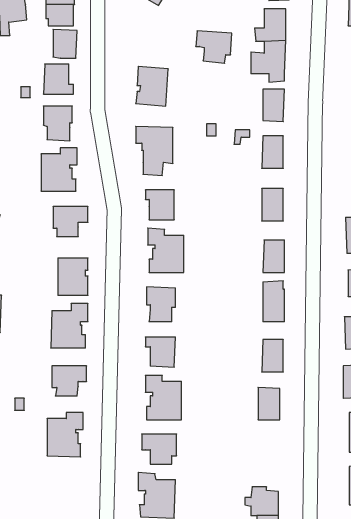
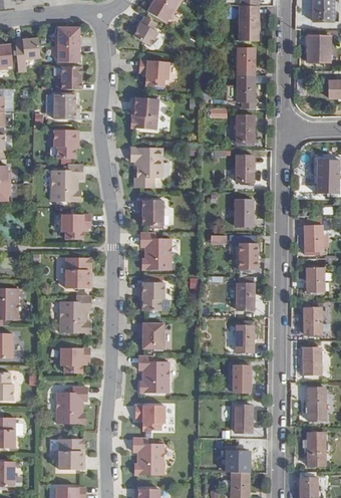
building: [196,31,232,63] -> [138,59,168,86]
building: none -> [235,406,254,433]
building: none -> [58,438,84,469]

